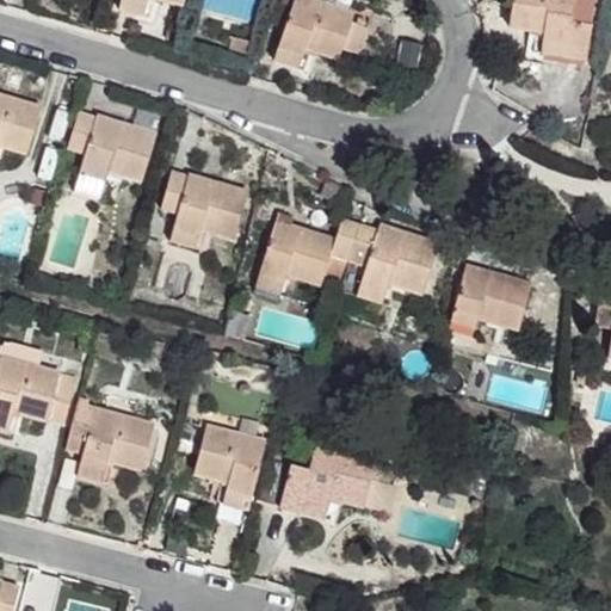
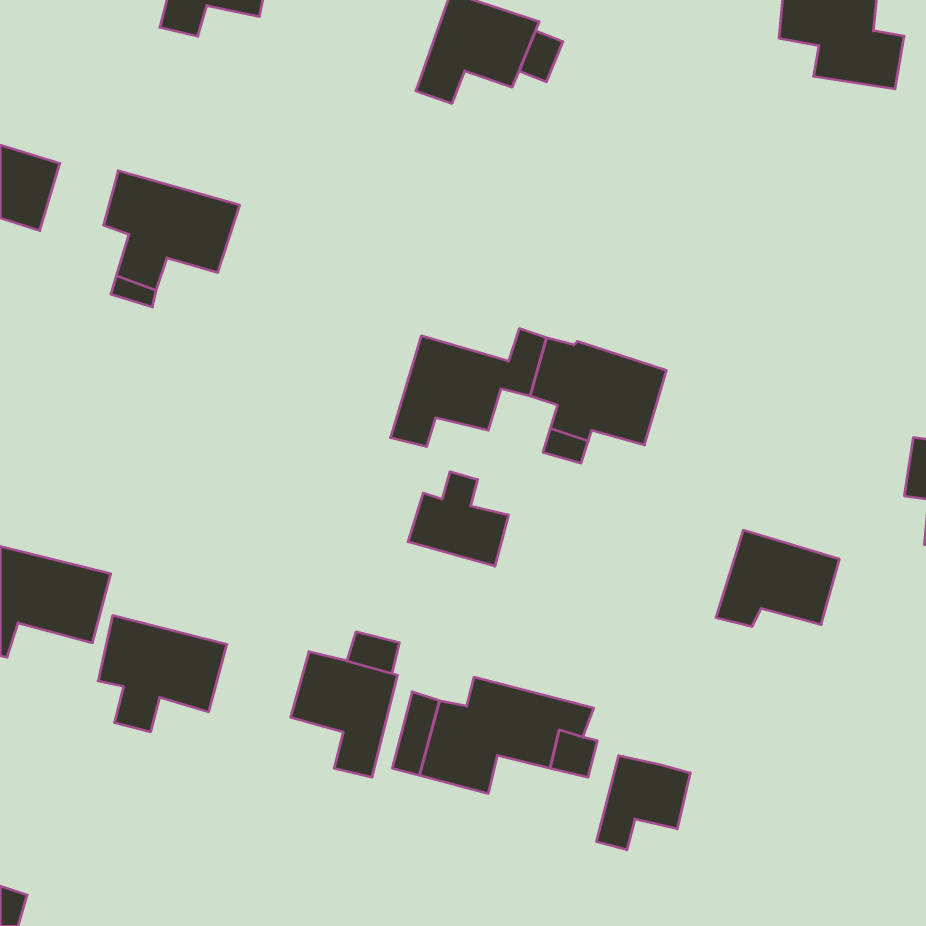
building: [162,169,247,248] -> none
building: [451,265,532,328] -> [716,530,839,626]
building: none -> [408,472,508,566]
building: none -> [597,756,690,850]

